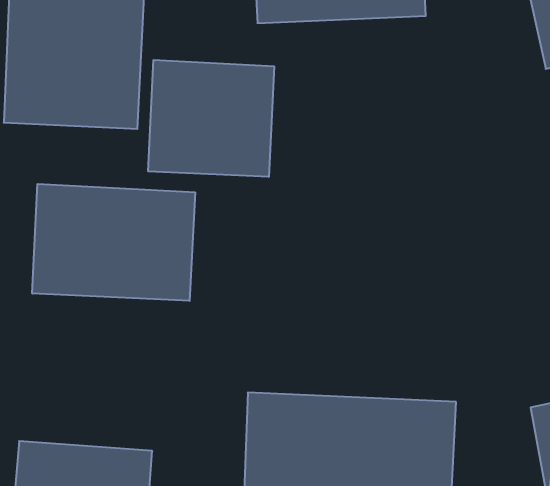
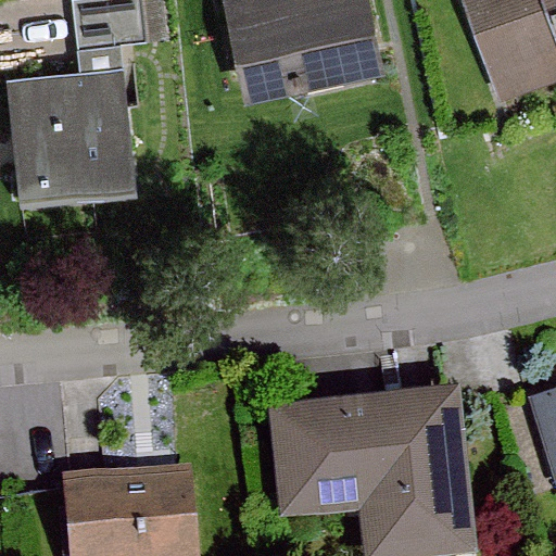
building: [148,60,274,177] -> none
building: [32,184,195,301] -> none

